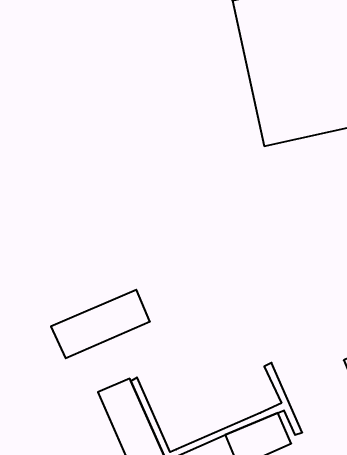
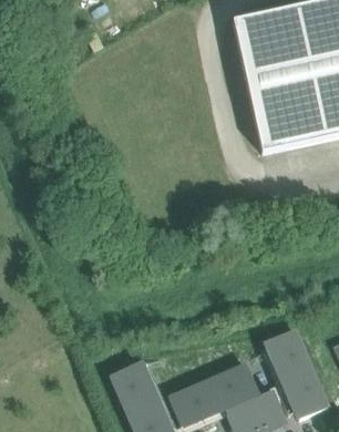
building: [51,290,150,358] -> [168,363,258,425]
building: none -> [265,328,327,418]

